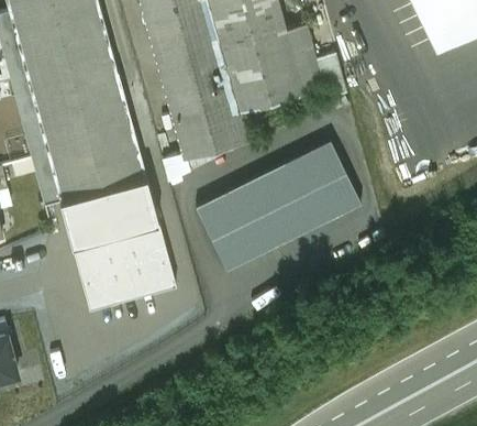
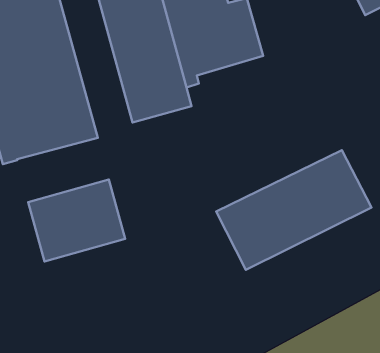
building: [195,142,362,271] -> [216,150,371,270]
building: [59,177,158,247] -> none

